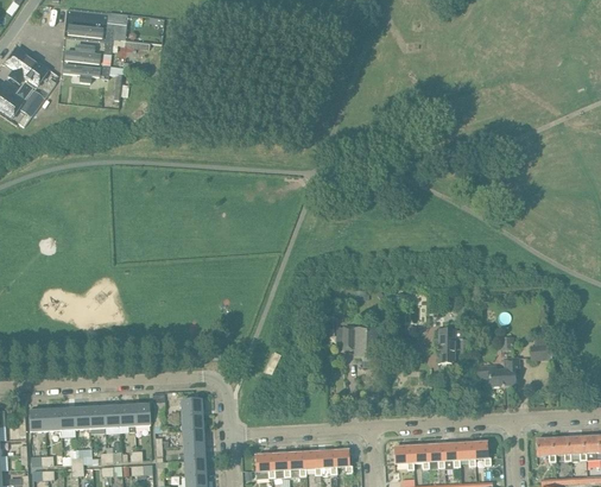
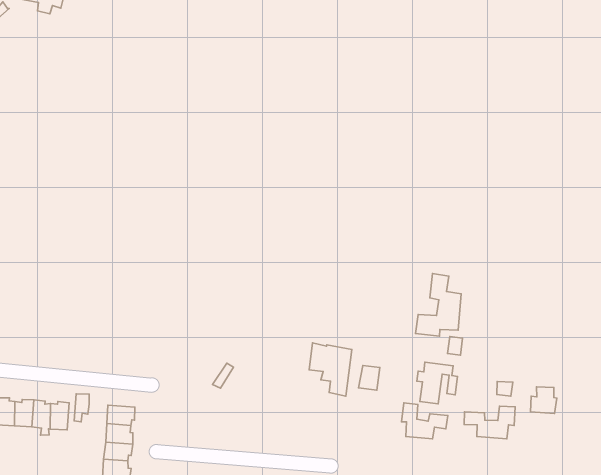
building: none -> [416,274,461,336]
building: none -> [401,403,448,439]

